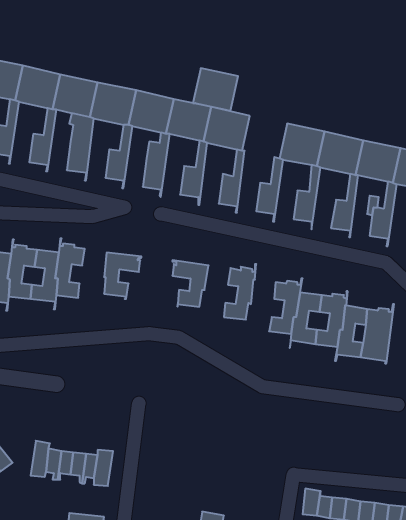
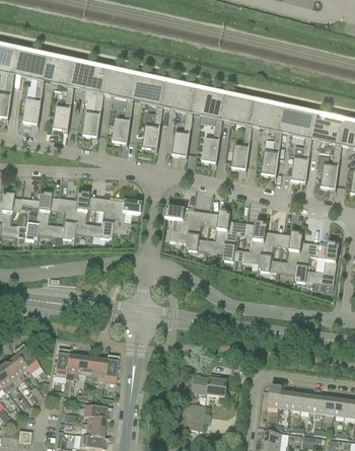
building: [193,68,238,111] -> [220,92,256,126]
building: none -> [91,197,114,243]
building: none -> [186,210,211,253]
building: none -> [221,221,246,265]
building: none -> [192,374,227,396]

